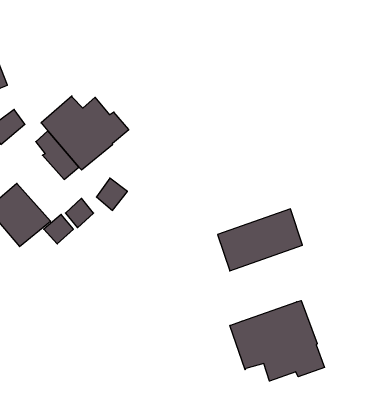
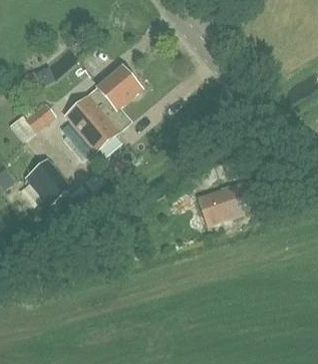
building: none -> [88,65,140,108]
building: [230,301,325,381] -> none

